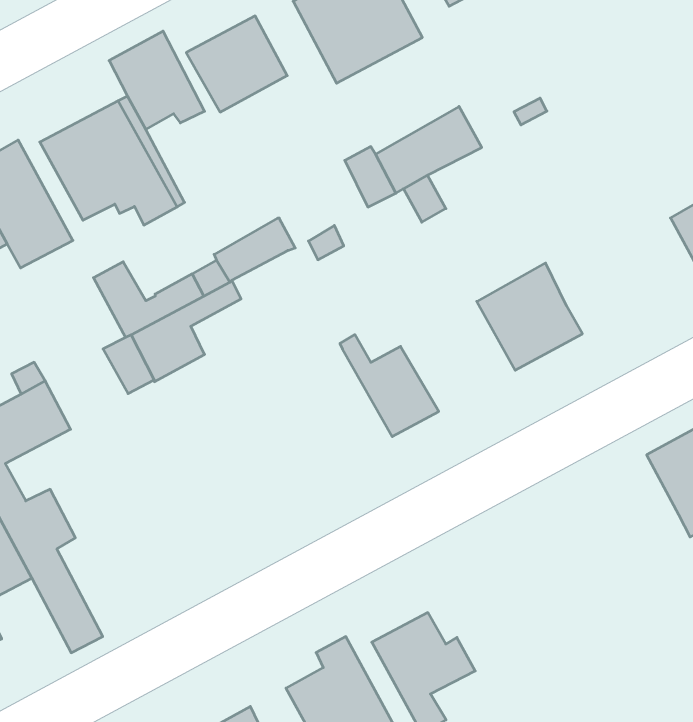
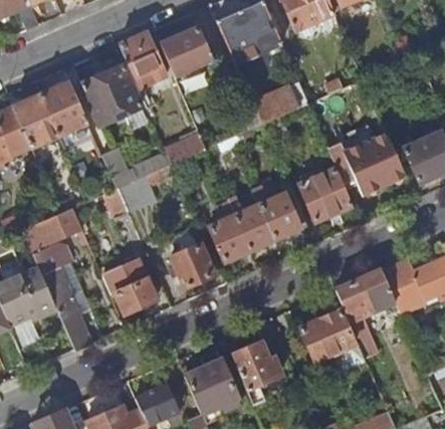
building: none -> [326,131,405,194]
building: none -> [250,184,305,238]
building: none -> [208,202,249,260]
building: none -> [170,242,213,285]
building: none -> [333,269,394,358]
building: none -> [101,257,156,311]
building: none -> [299,309,353,361]

